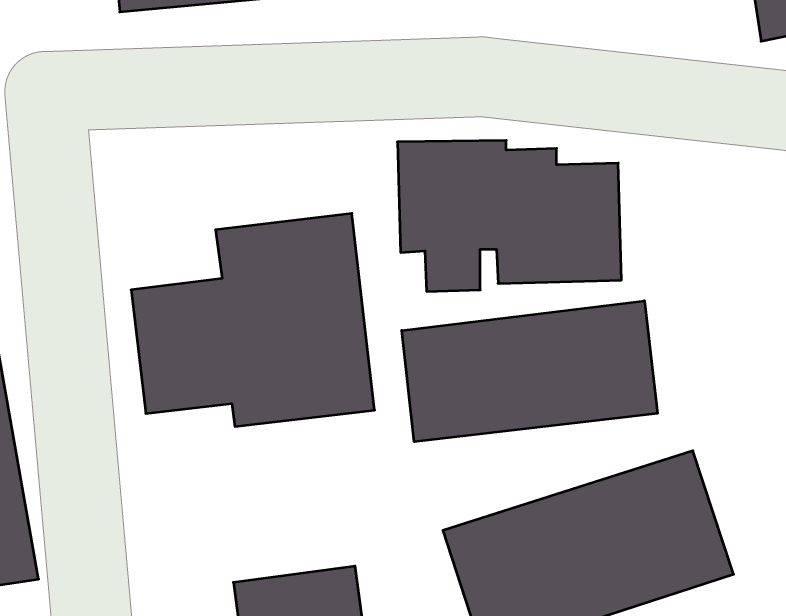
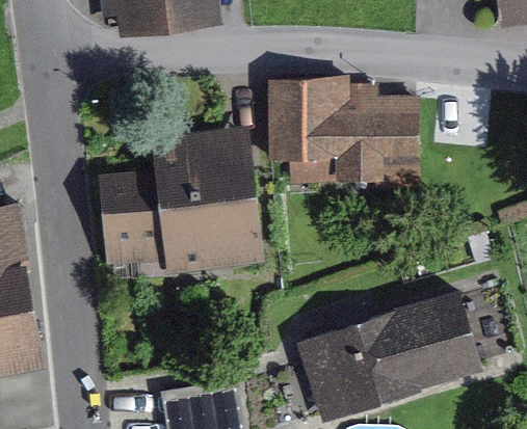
building: [402,301,657,442] -> none

